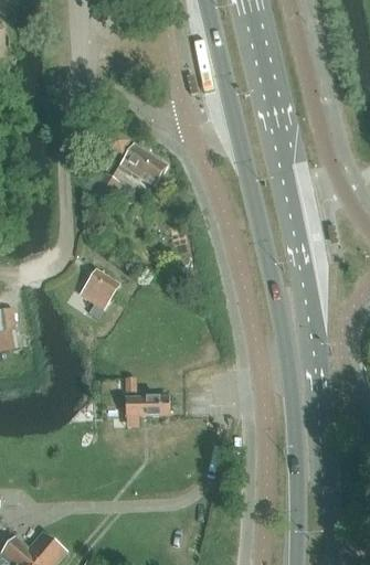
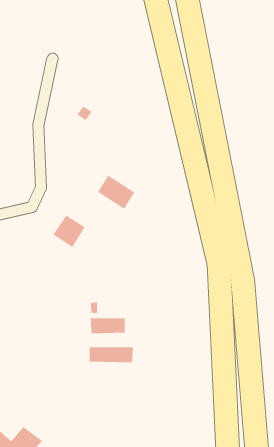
building: [119,143,167,186] -> [97,175,135,209]
building: none -> [89,347,134,363]

